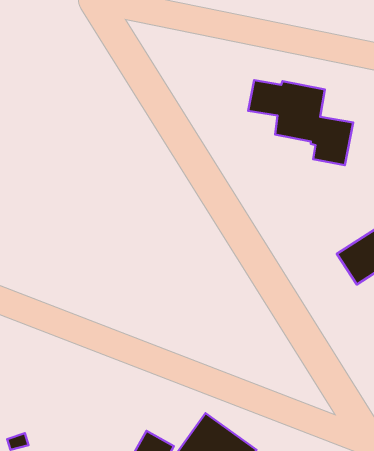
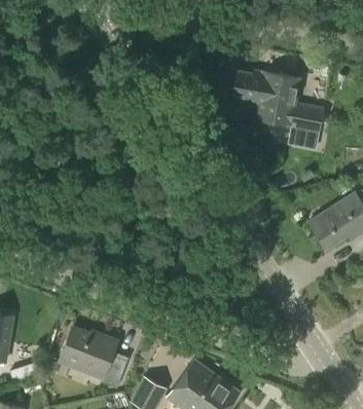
building: none -> [59,328,129,388]

